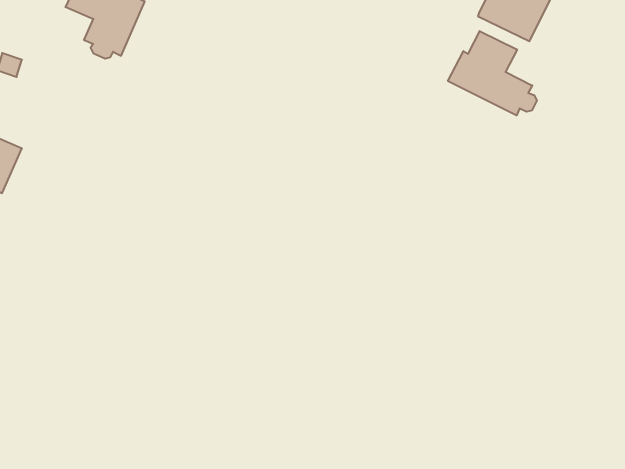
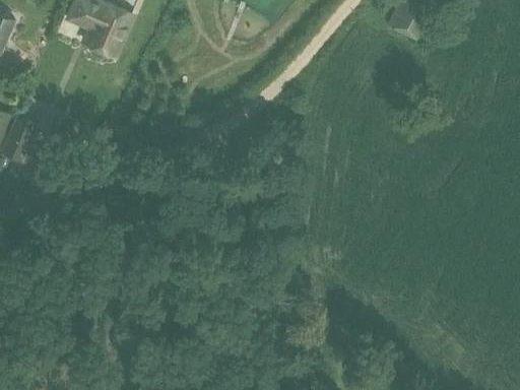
building: [448,31,537,115] -> none

